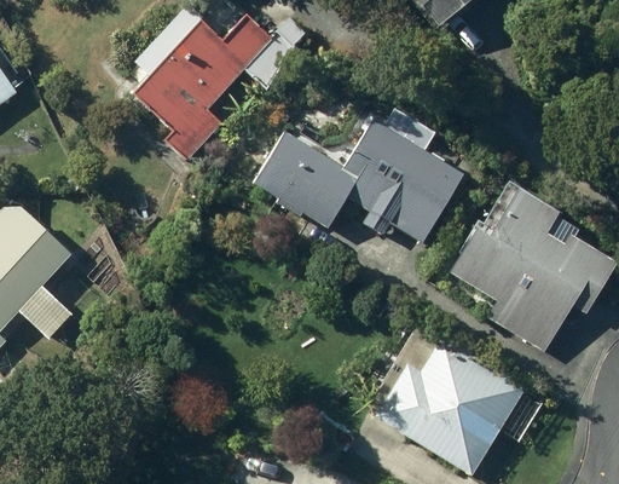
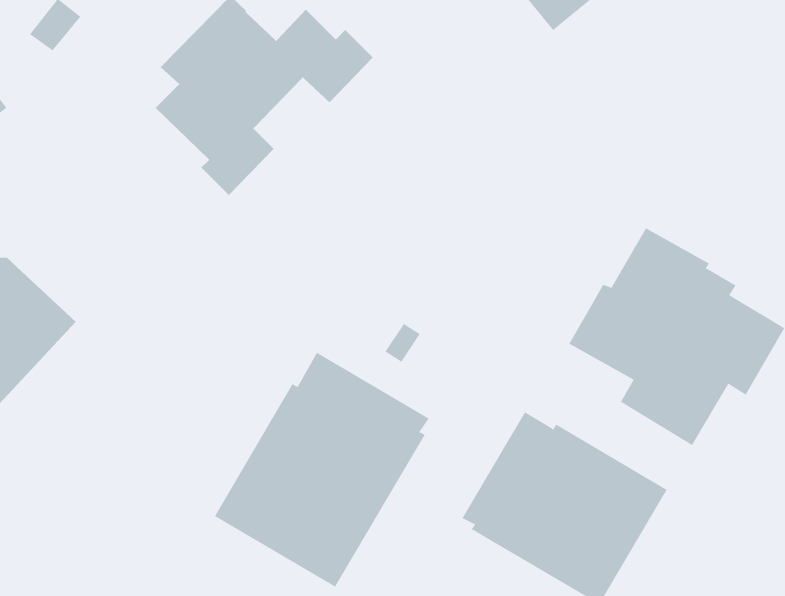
building: [248,119,463,242] -> none
building: none -> [214,352,429,588]

